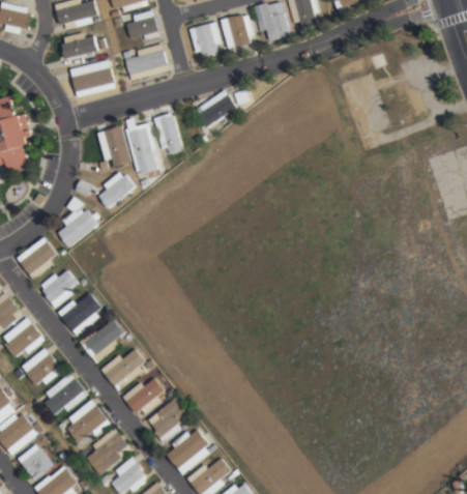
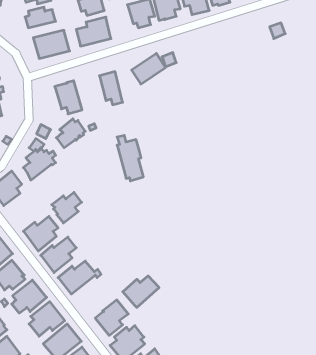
building: [124,117,157,174] -> [117,135,143,181]
building: [39,269,77,308] -> [52,192,82,223]
building: [121,378,167,417] -> [123,276,159,307]

